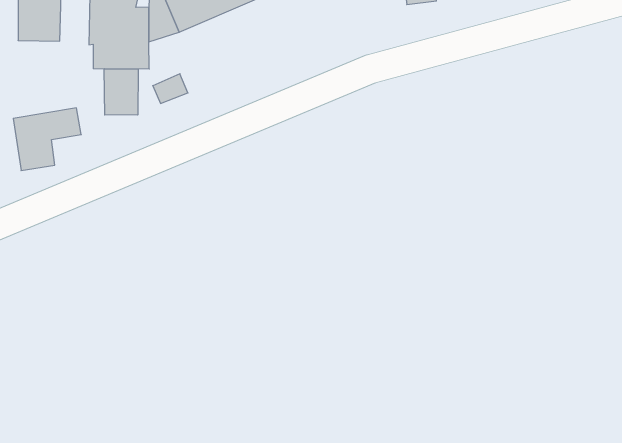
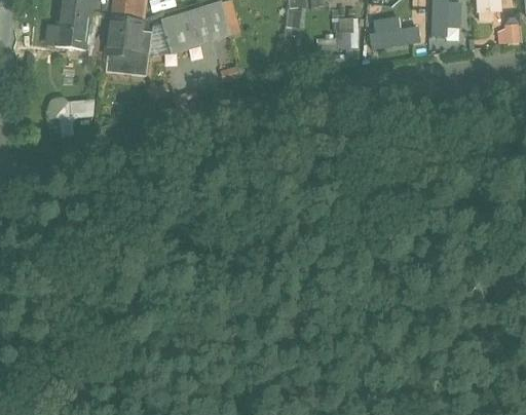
building: [104,69,138,115] -> none

